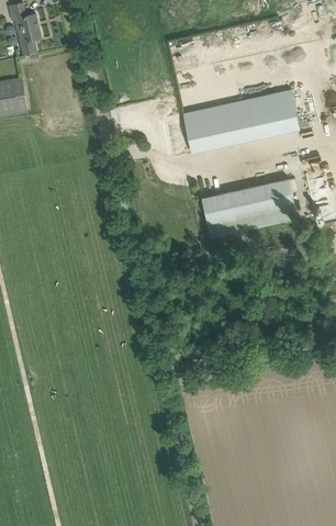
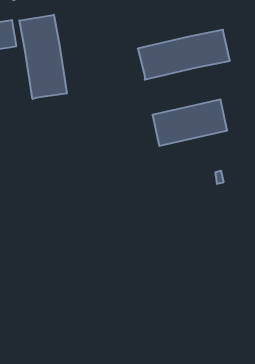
building: none -> [19,15,67,99]

